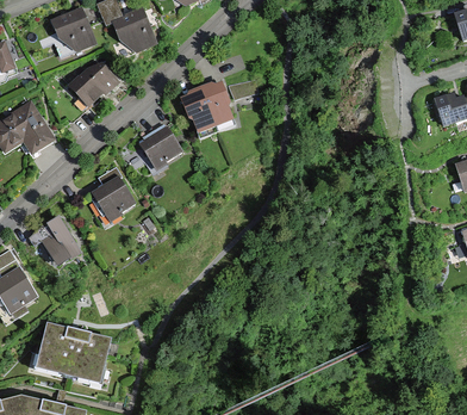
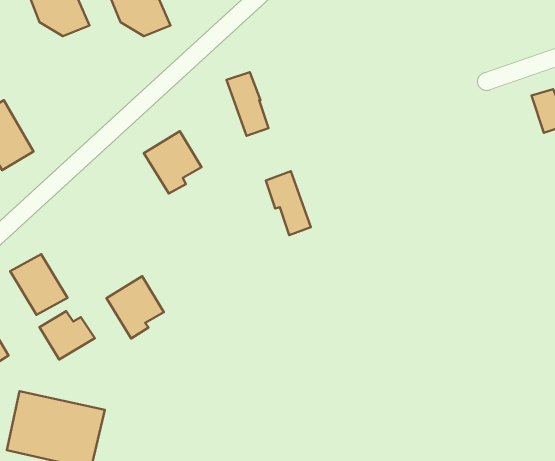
building: [68,63,119,109] -> none
building: [182,85,217,134] -> [266,171,311,235]
building: [92,175,136,223] -> [106,276,164,338]
building: none -> [40,311,95,360]

